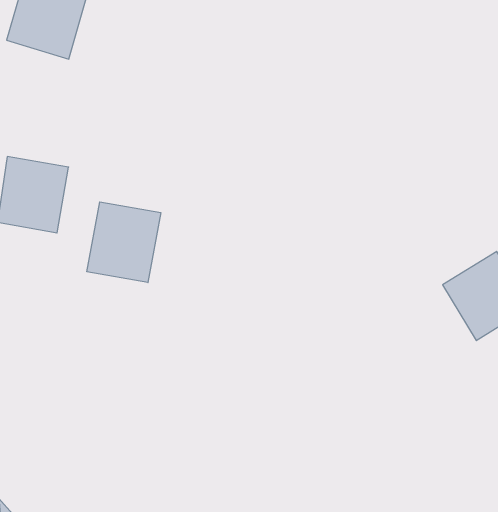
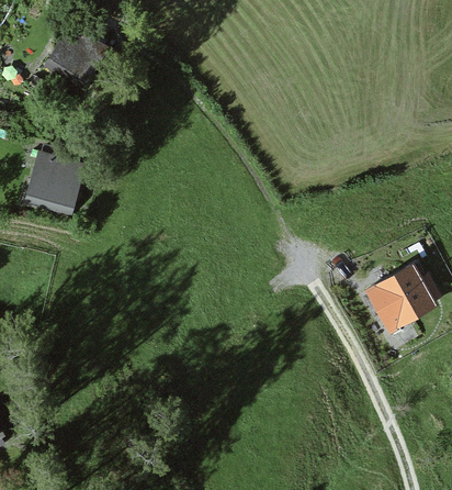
building: [87,202,161,283] -> none

